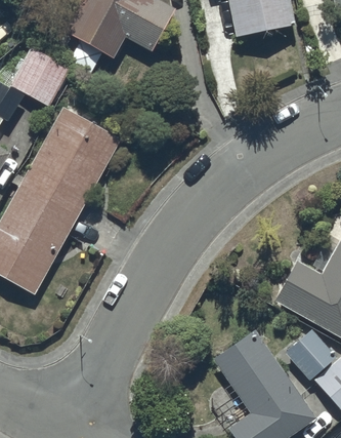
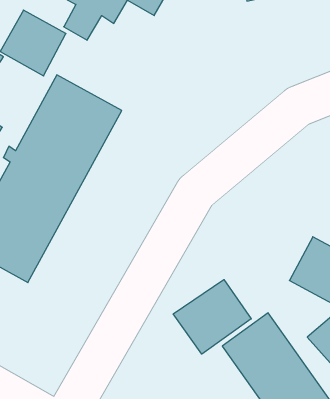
building: none -> [173,280,251,354]

